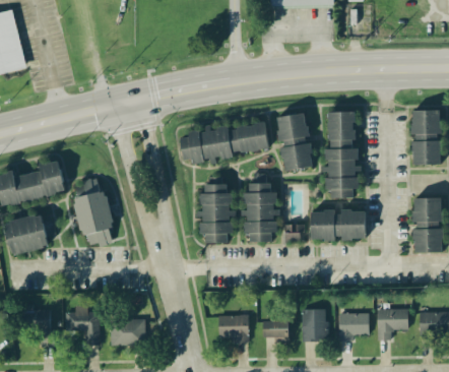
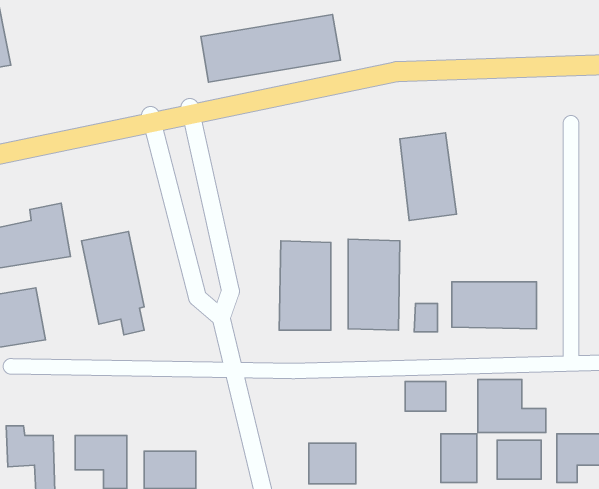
building: [324,113,357,198] -> none
building: [178,120,268,164] -> [201,15,340,82]
building: none -> [478,380,546,433]
building: [261,321,287,340] -> [405,381,446,411]

